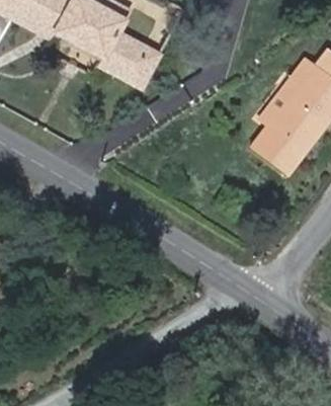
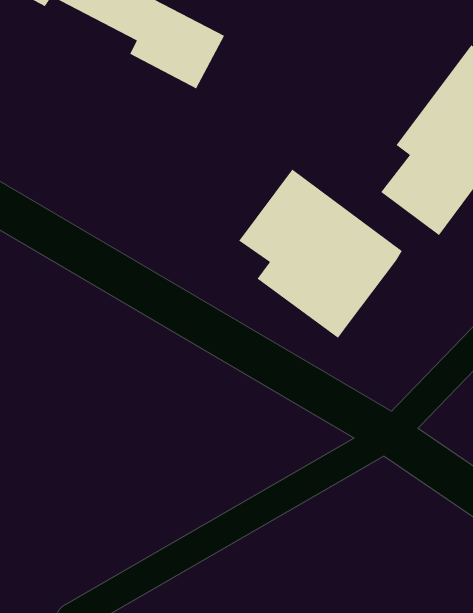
building: none -> [238,168,403,339]

